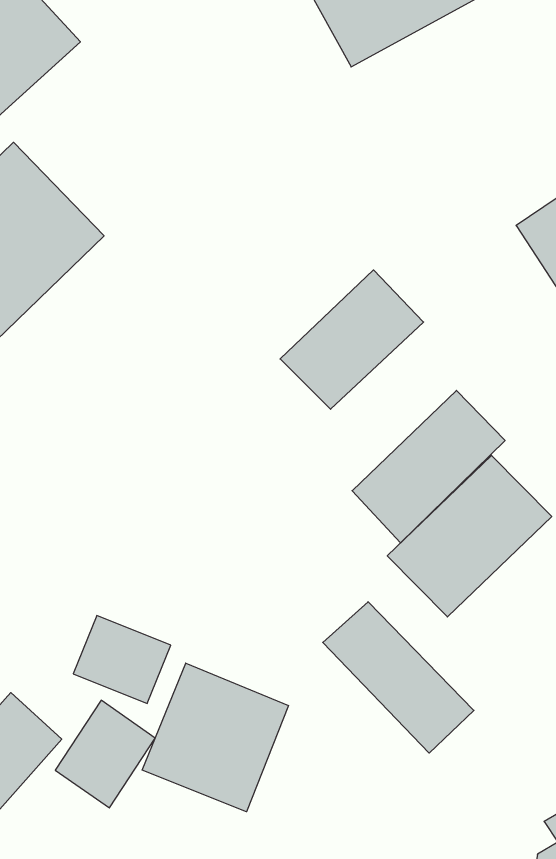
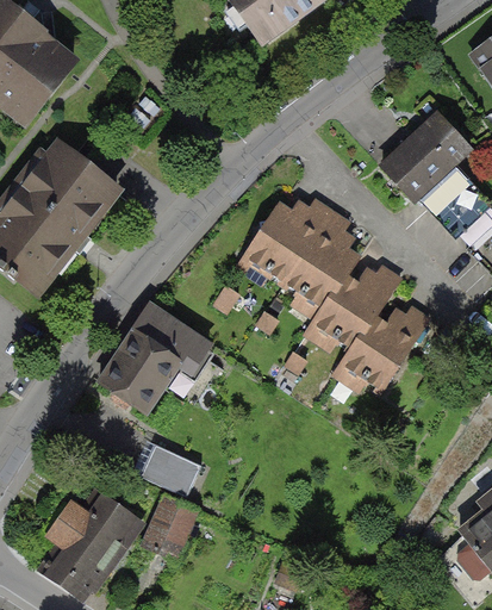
building: none -> [280,218,367,311]
building: none -> [100,303,212,417]
building: [323,602,474,753] -> none
building: [142,663,288,812] -> none

